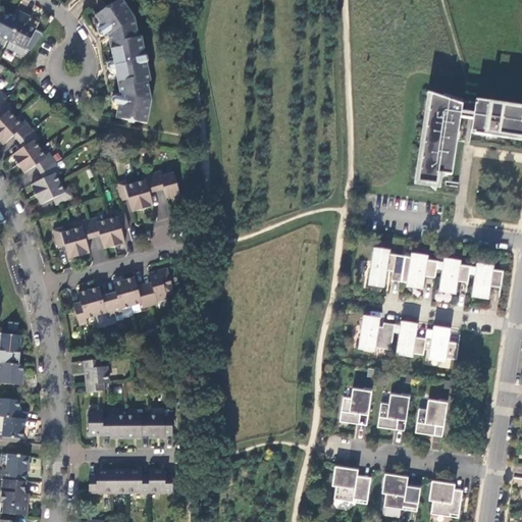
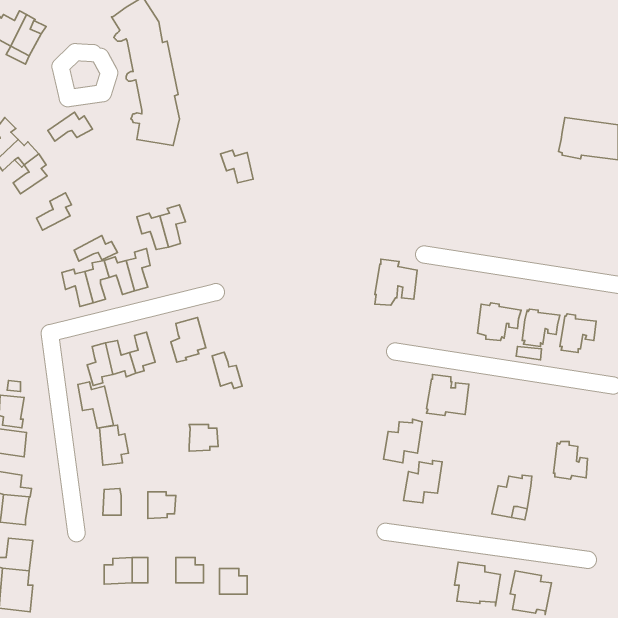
building: [418,93,462,184] -> none
building: [17,148,55,172] -> [48,112,93,141]
building: [151,169,178,197] -> [220,150,253,183]
building: [36,181,72,203] -> [74,236,118,261]
building: [369,247,405,285] -> [375,259,417,305]
building: [123,276,149,307] -> [212,352,242,389]
building: none -> [78,382,114,428]
building: [397,322,426,355] -> none
building: [429,328,458,360] -> [554,442,587,479]
building: [377,392,410,428] -> [383,419,422,463]
building: [102,414,124,436] -> none
building: [147,414,171,436] -> [189,425,218,451]
building: [332,466,371,503] -> none
building: [124,469,148,490] -> [219,569,247,594]

